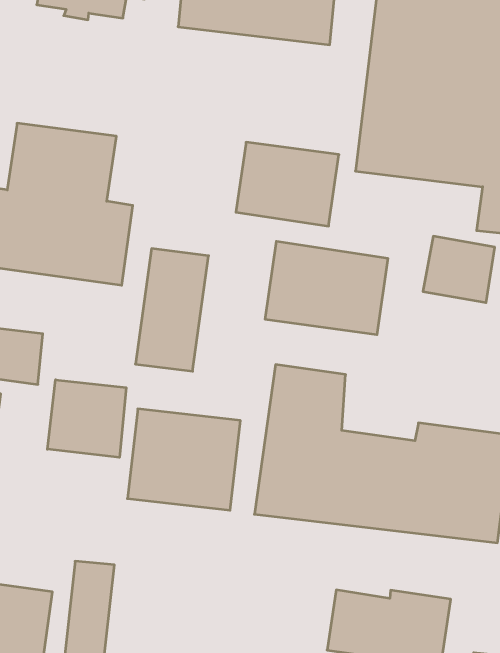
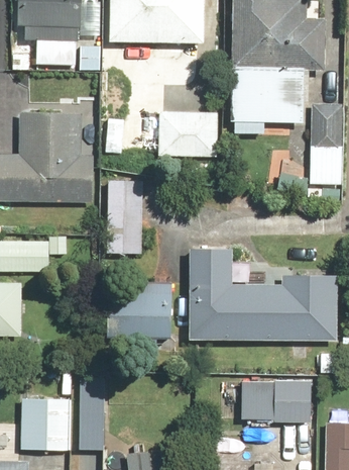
building: [265,241,388,335] -> none
building: [47,380,126,457] -> none

